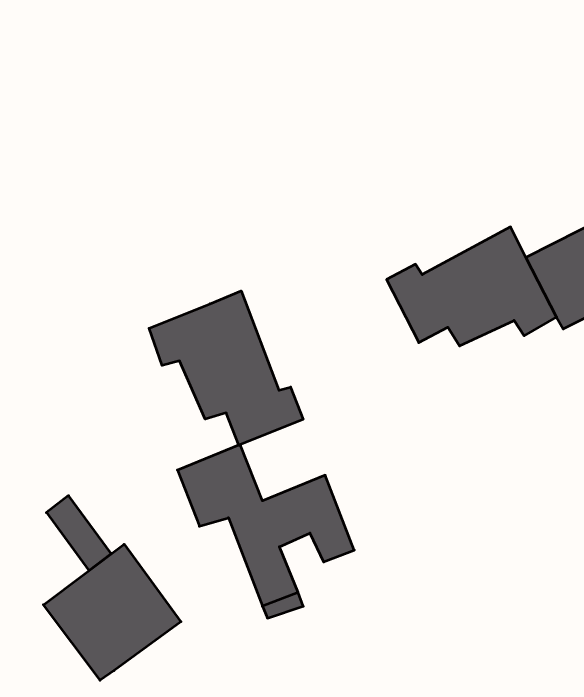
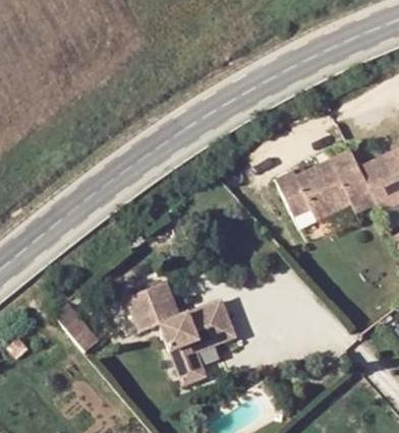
building: [149,291,303,445] -> none
building: [43,544,181,680] -> none

